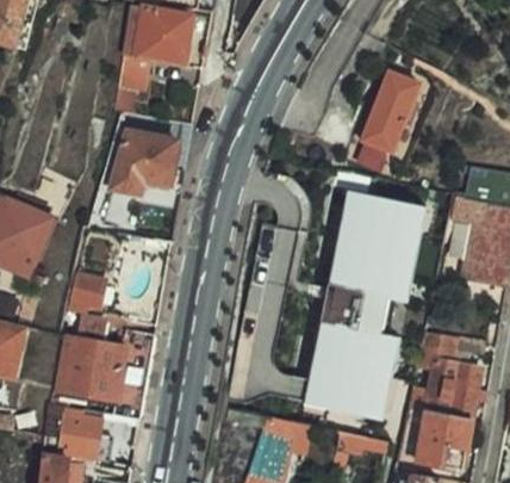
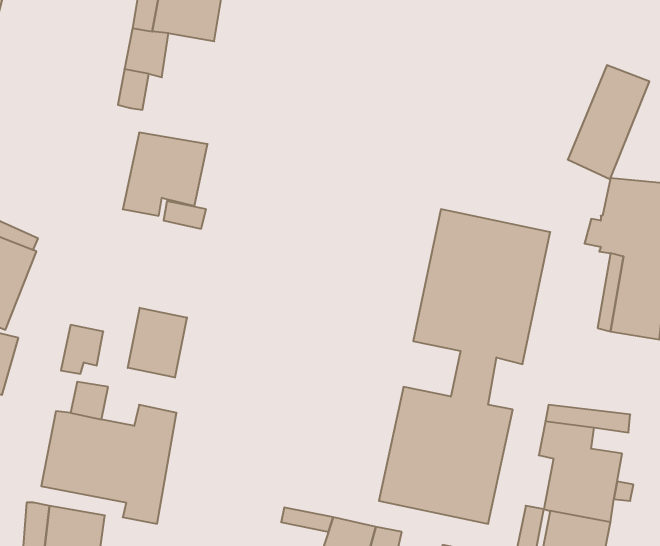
building: [365,70,424,154] -> [568,65,649,179]
building: none -> [128,308,187,378]

